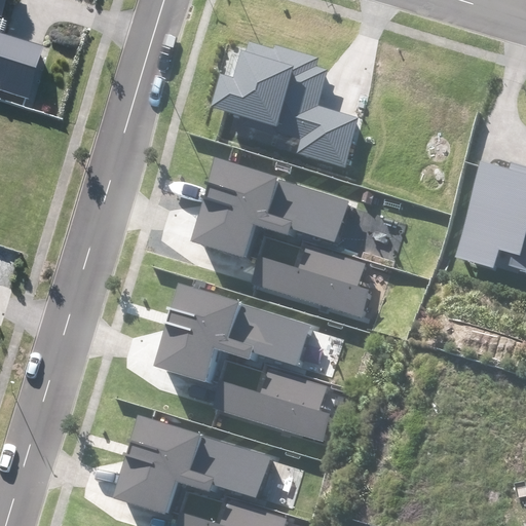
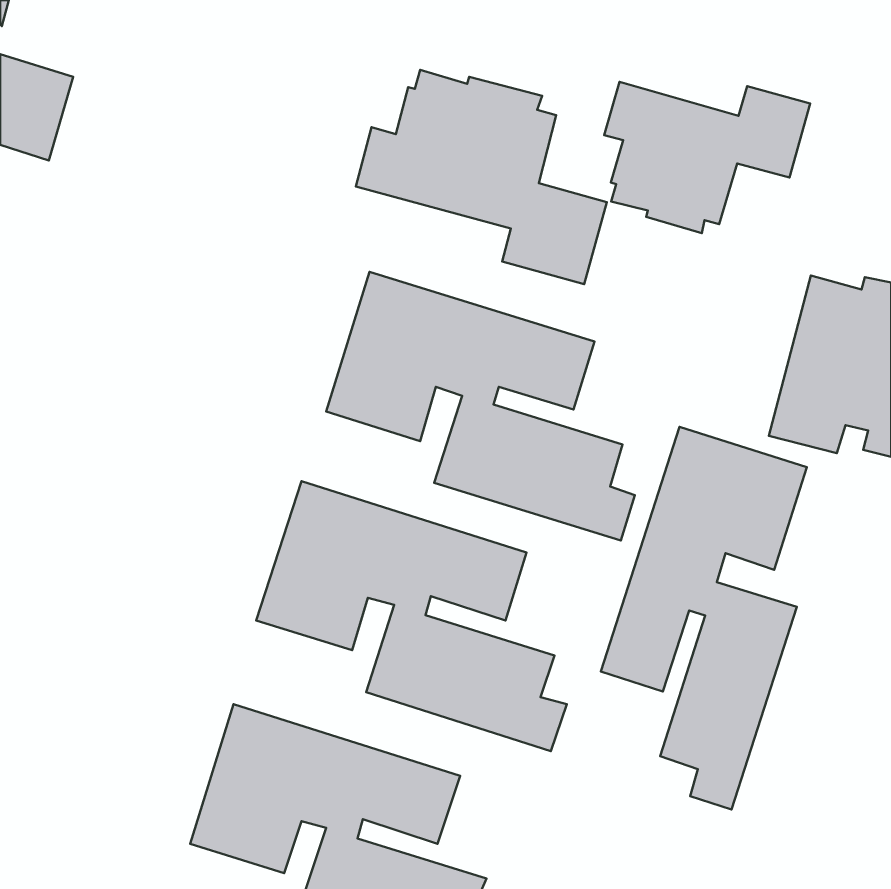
building: none -> [604,82,810,233]
building: none -> [601,427,807,810]

